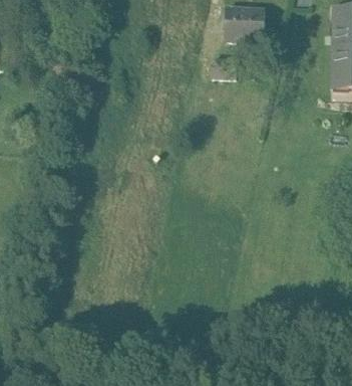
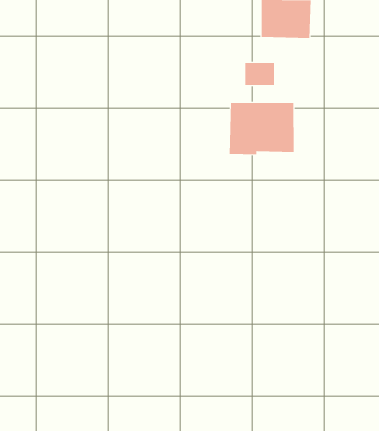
building: none -> [229,102,294,155]

